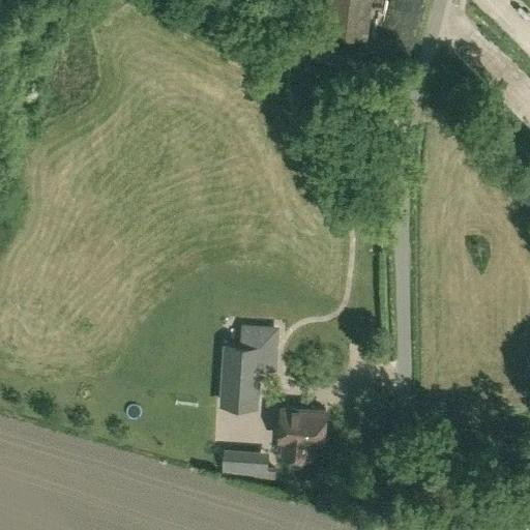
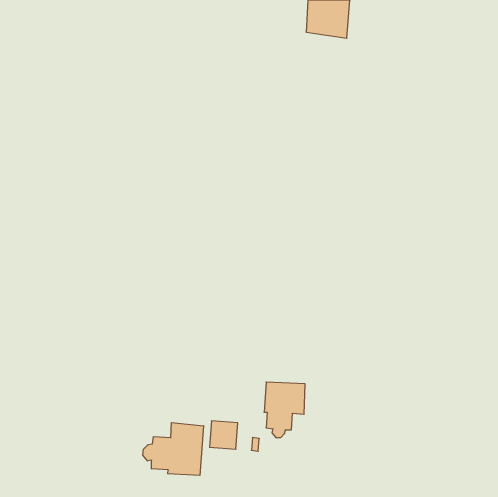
building: [224,327,275,405] -> none
building: none -> [143,423,204,475]

